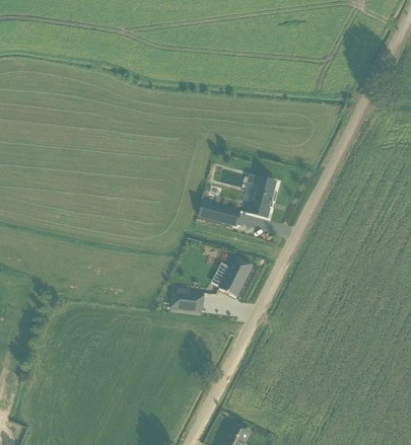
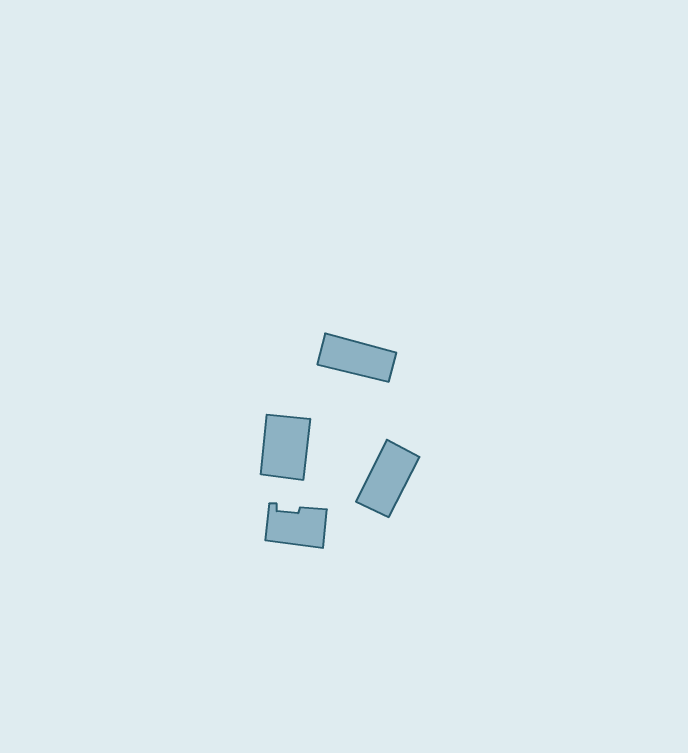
building: [246,179,273,217] -> none
building: none -> [261,415,310,480]

